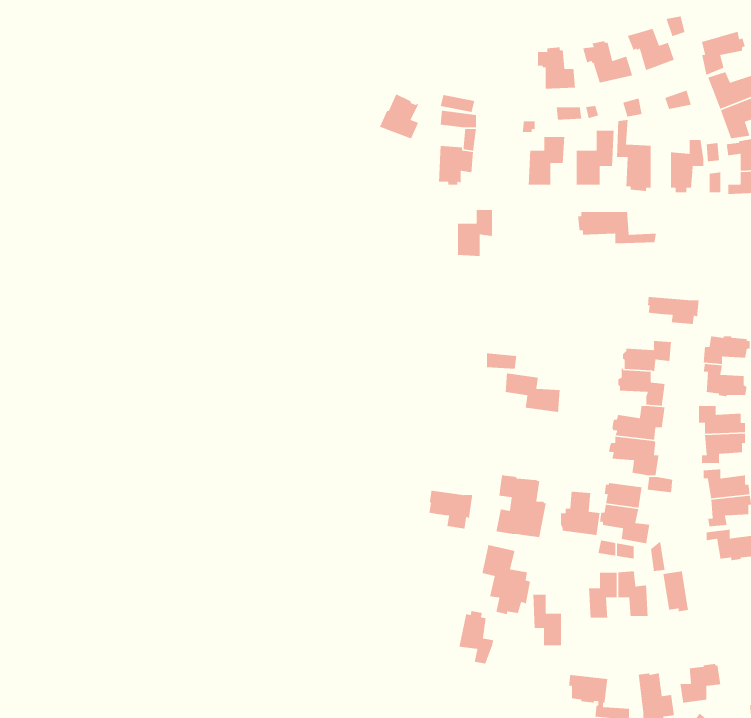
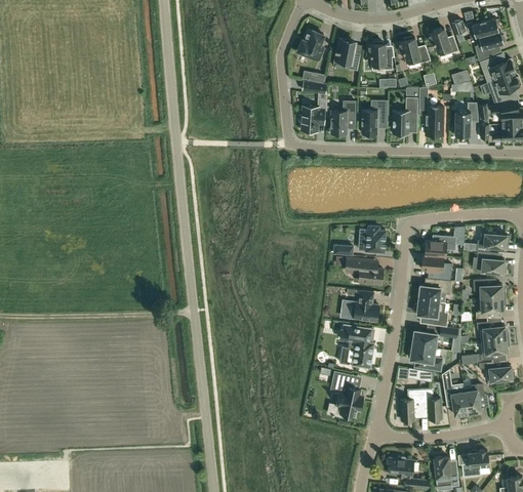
building: none -> [467,18,500,38]
building: none -> [334,39,360,71]
building: [379,93,419,140] -> [297,29,324,59]
building: [457,209,493,257] -> [331,101,355,133]
building: [577,211,657,244] -> none
building: [647,296,699,325] -> none
building: none -> [366,225,386,252]
building: [428,490,473,529] -> none
building: [560,491,600,536] -> [352,291,378,321]
building: none -> [464,383,484,415]
building: [532,594,562,646] -> none
building: [458,610,494,665] -> none

